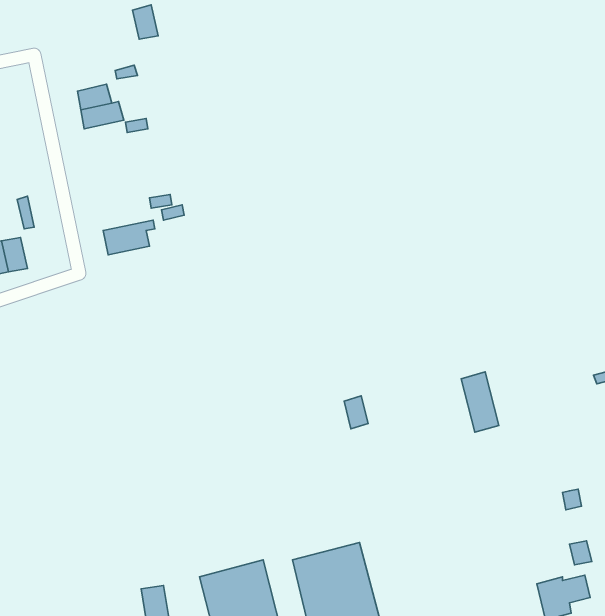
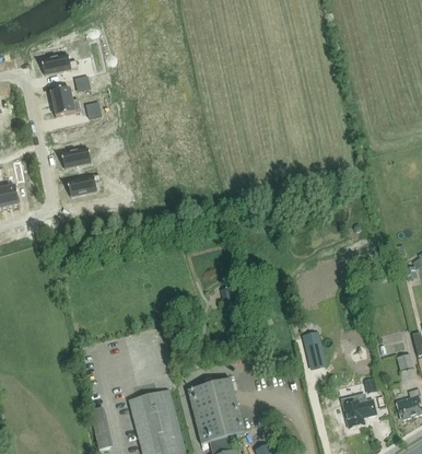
building: none -> [40,54,78,74]
building: none -> [60,147,91,168]
building: [461,372,499,432] -> [302,330,326,369]

